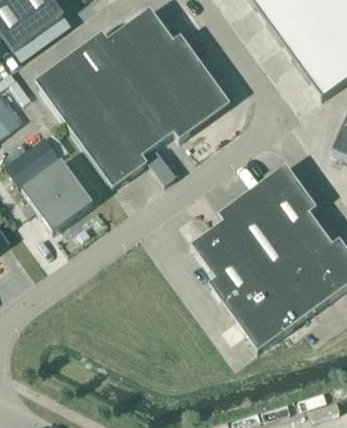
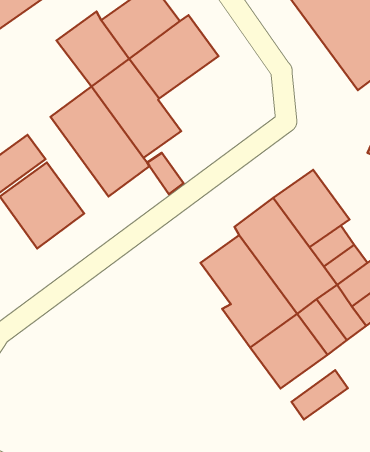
building: [36,55,99,119] -> none
building: [155,68,230,139] -> none
building: none -> [291,370,348,419]

